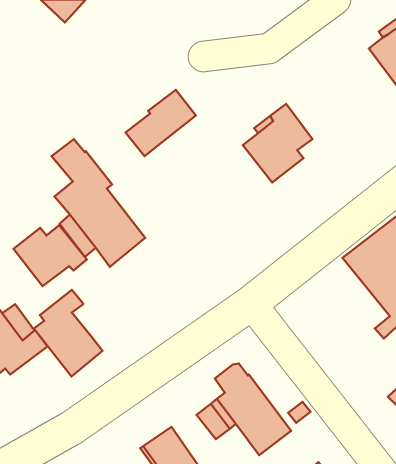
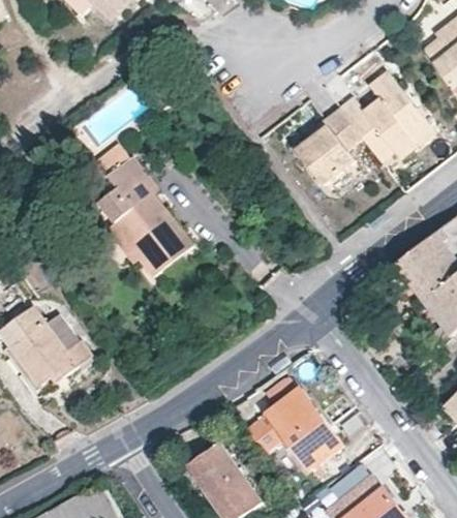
building: none -> [338,72,435,164]
building: [125,90,196,156] -> none
building: [13,225,87,286] -> none
building: [34,290,103,377] -> none

